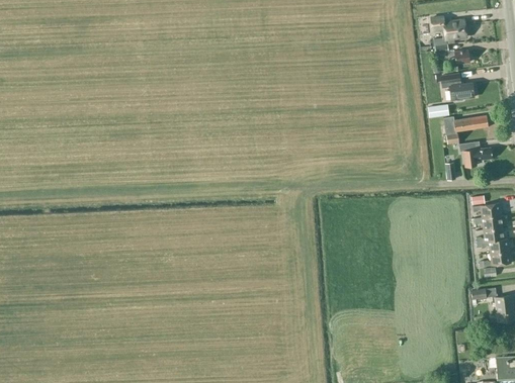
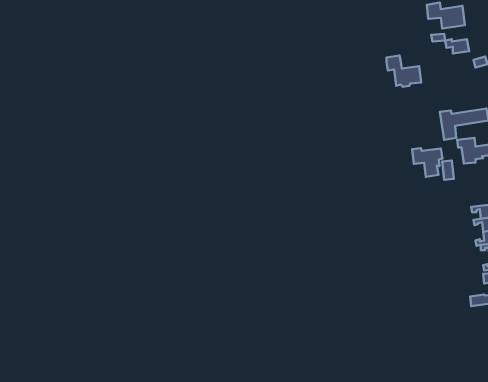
building: [442,72,475,101] -> [387,55,421,87]
building: none -> [412,148,443,177]

